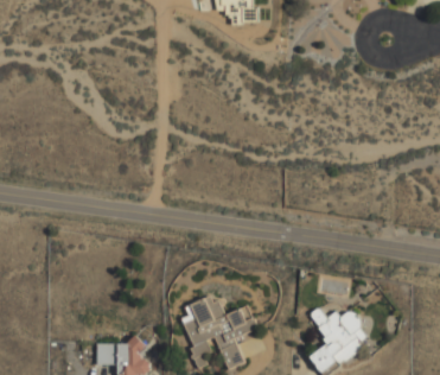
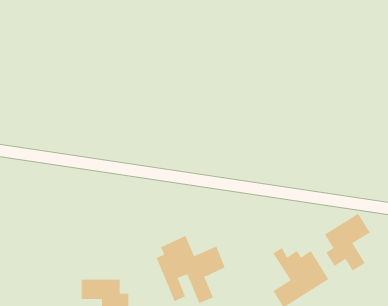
building: none -> [324,213,370,271]

